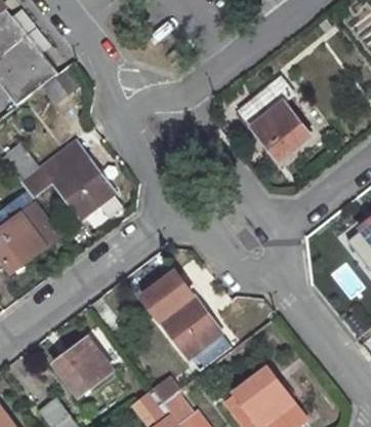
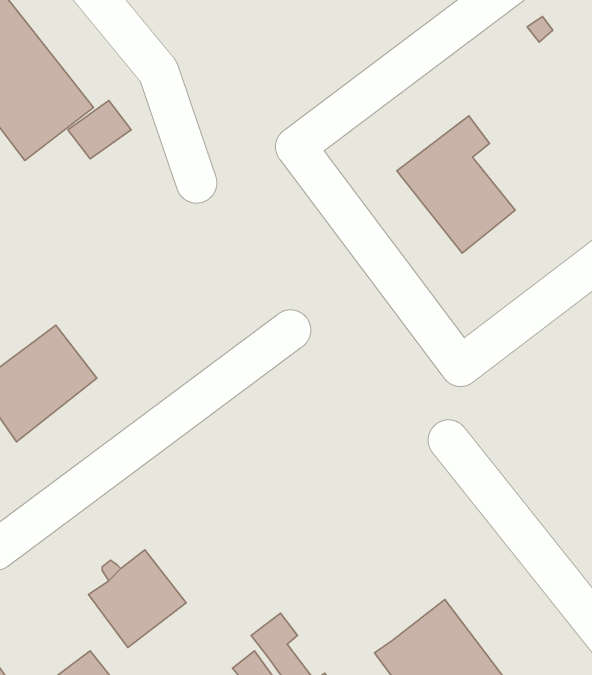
building: [6,142,115,219] -> none
building: [142,270,220,357] -> none

